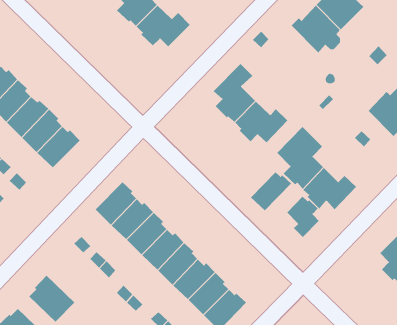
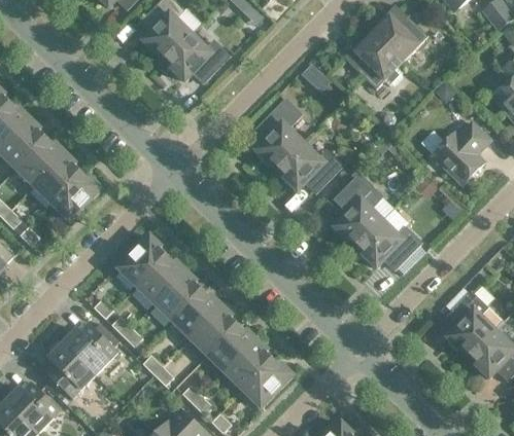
building: [250,171,292,211] -> none
building: [287,196,320,238] -> none
building: none -> [62,321,119,374]

